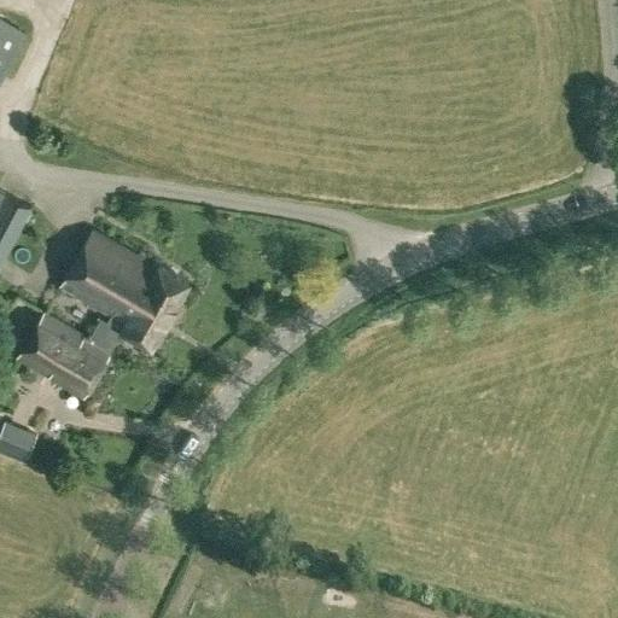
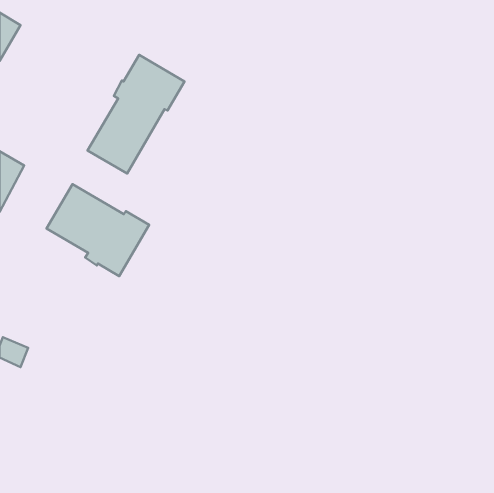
building: none -> [88,55,184,173]
building: [14,313,121,398] -> none

